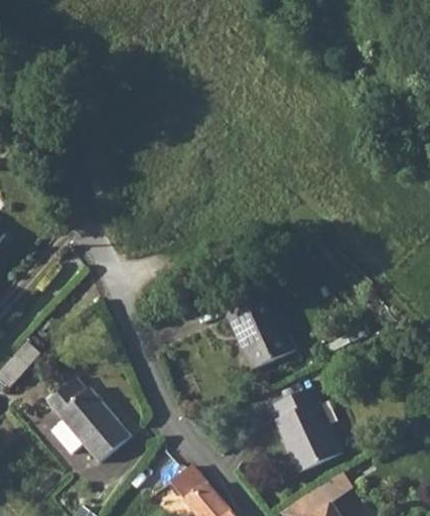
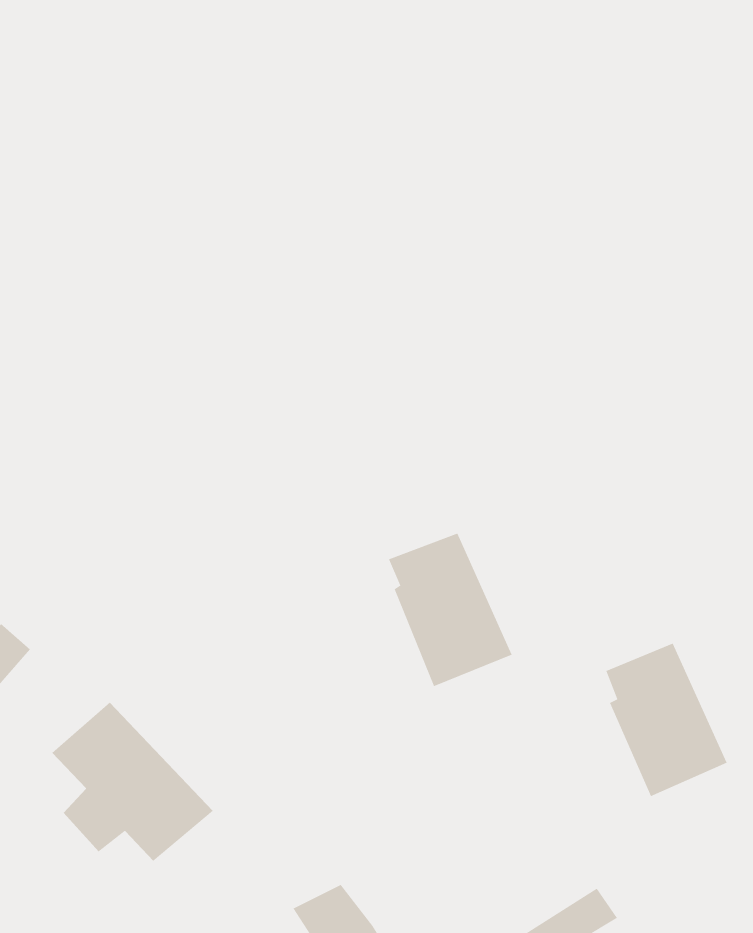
building: [272,395,337,478] -> [605,643,728,797]

